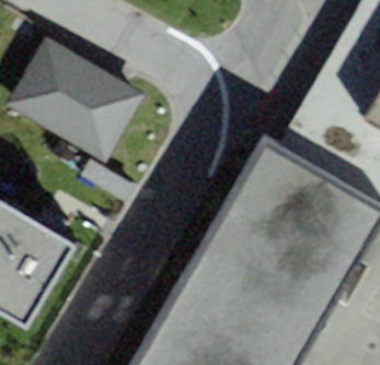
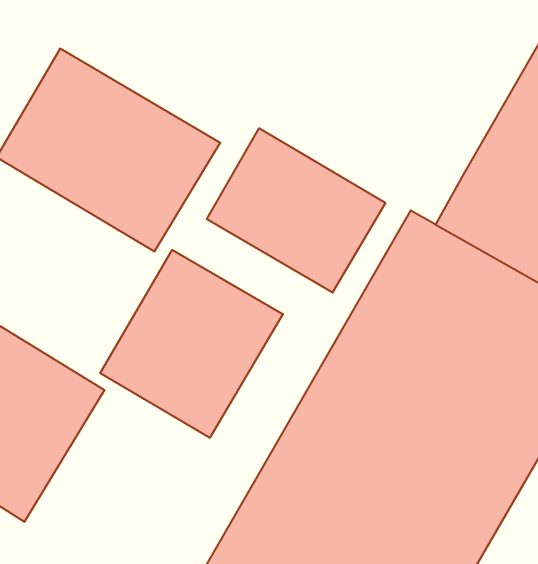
building: none -> [207,128,385,293]
building: none -> [100,250,283,438]

